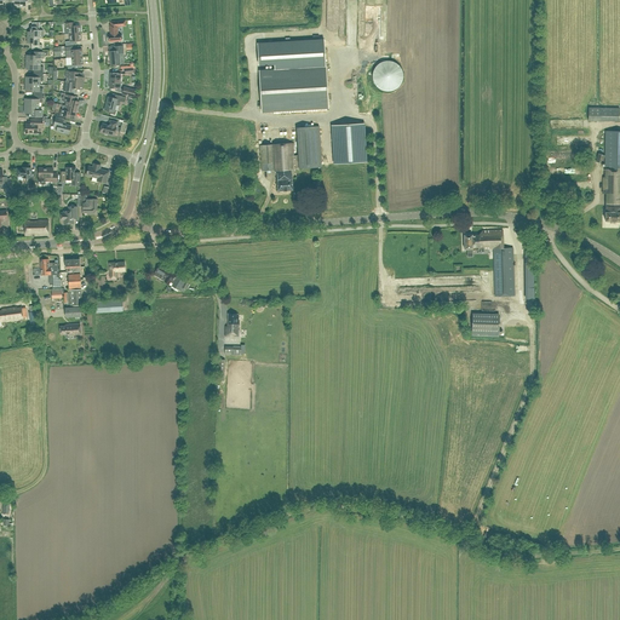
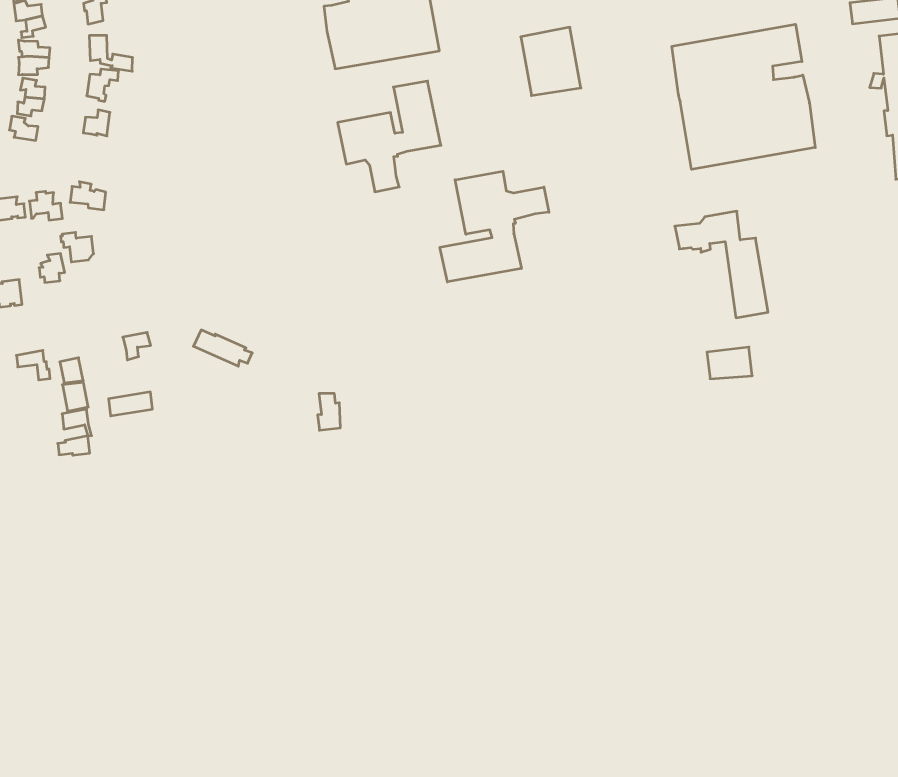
building: none -> [672,24,815,169]
building: [332,122,366,162] -> [521,27,581,96]
building: none -> [440,171,549,282]

